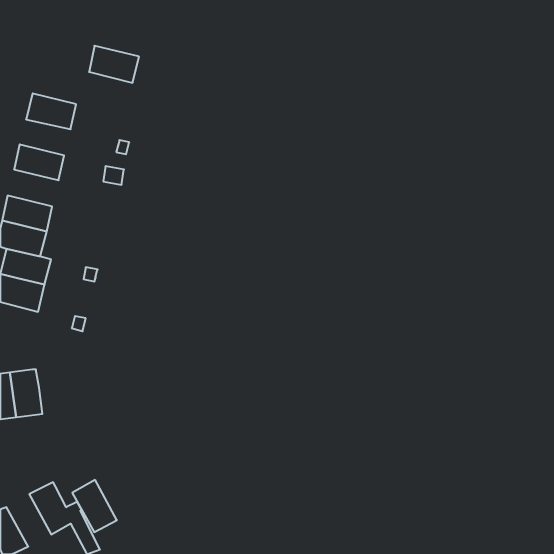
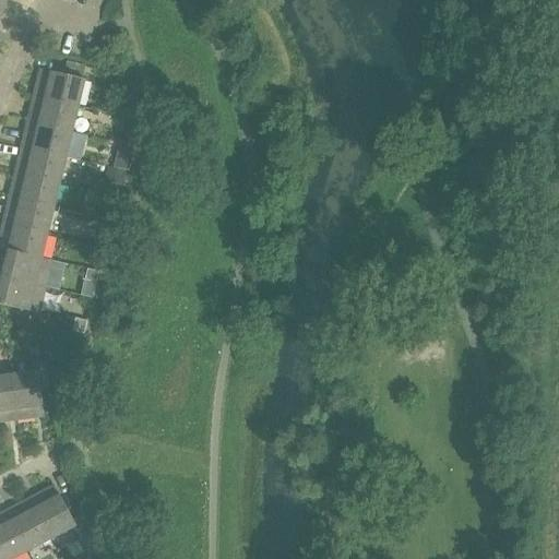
building: [89,46,139,83] -> [34,68,84,105]
building: none -> [21,120,72,156]
building: none -> [9,170,60,207]
building: [72,480,117,532] -> [8,497,52,549]

